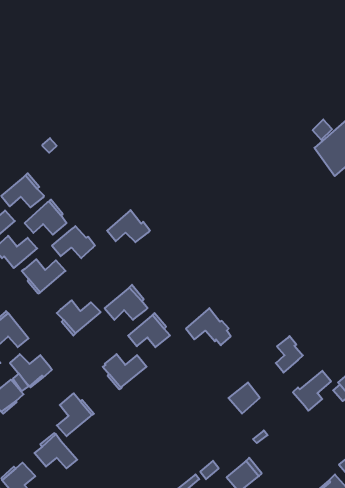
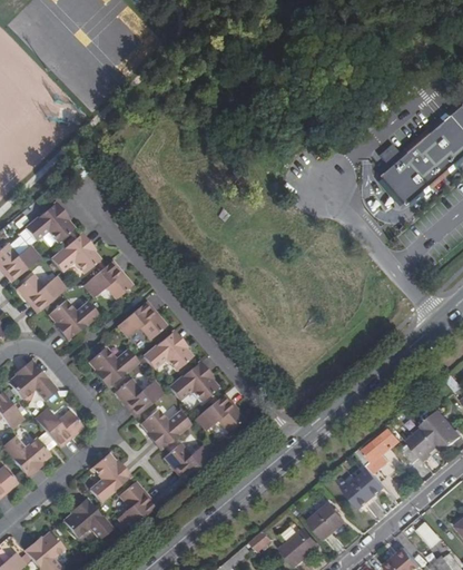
building: [107,210,150,242] -> [117,302,166,338]
building: [186,308,231,345] -> [195,395,246,438]
building: none -> [115,377,164,415]
building: [276,336,303,373] -> none
building: [228,382,260,414] -> [309,502,345,538]
building: none -> [164,443,213,480]
building: none -> [345,468,386,508]
building: none -> [116,482,154,530]

